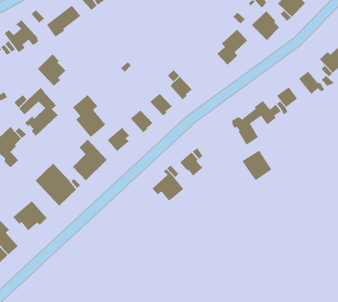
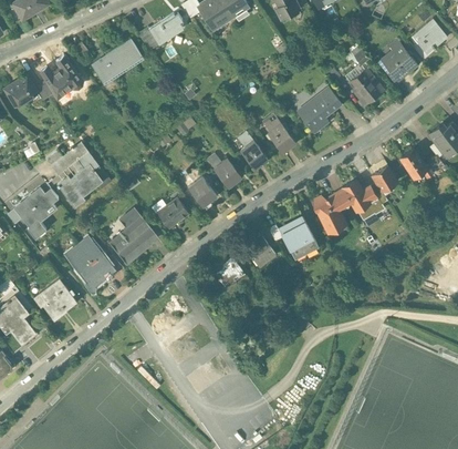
building: [37,54,66,86] -> none
building: none -> [264,114,295,154]
building: [72,94,106,138] -> none
building: [242,150,273,181] -> [279,218,316,256]

